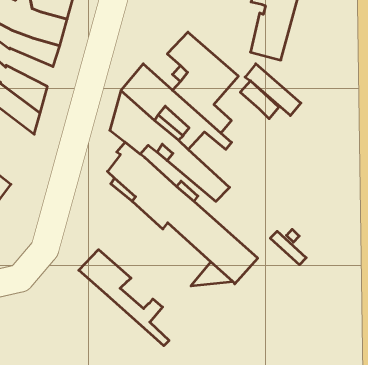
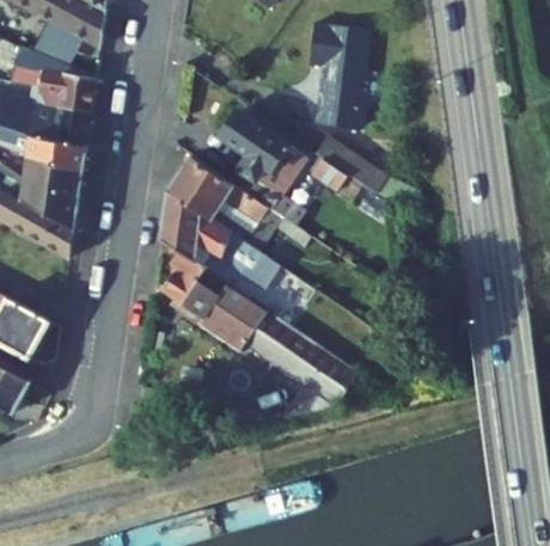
building: none -> [23,157,80,197]
building: [79,250,169,346] -> none

